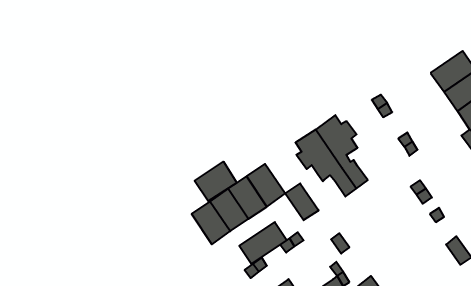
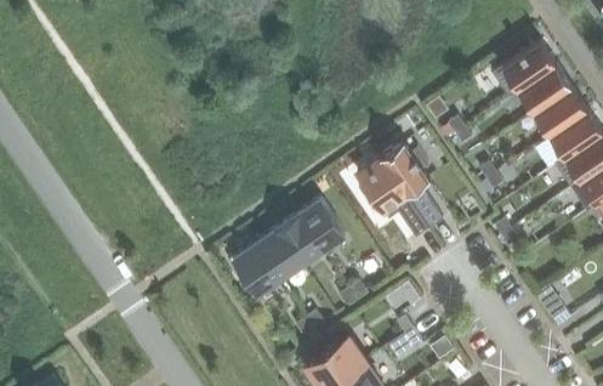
building: none -> [493,40,556,97]
building: [195,162,237,201] -> none
building: [285,183,319,220] -> none
building: [239,222,287,264] -> none

